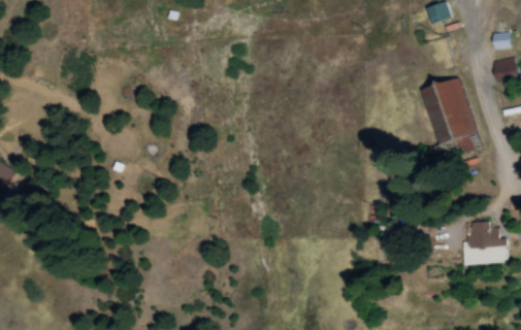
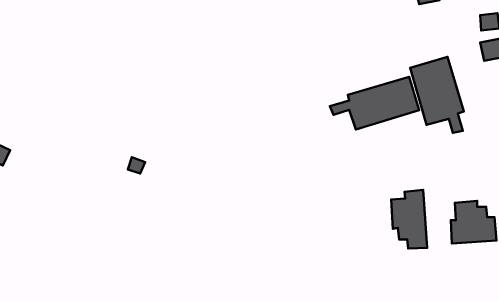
building: none -> [330,77,419,129]
building: none -> [391,190,427,249]

